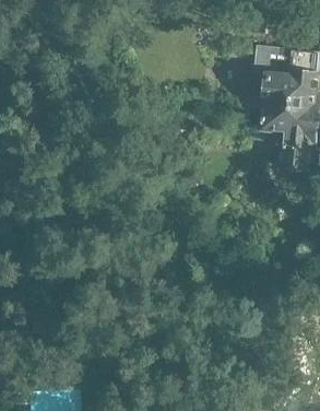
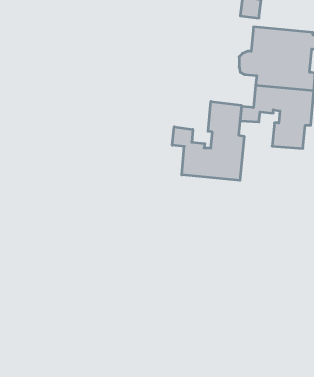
building: none -> [172,101,244,180]

